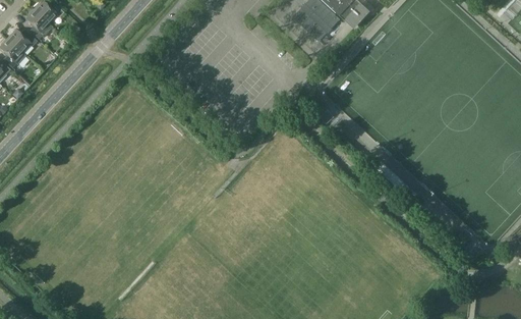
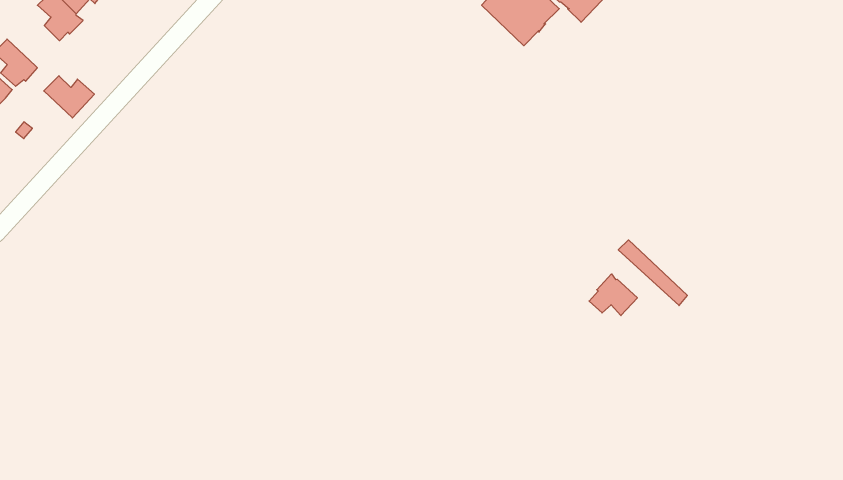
building: [7,29,38,54] -> [44,76,94,118]
building: none -> [589,274,637,316]

